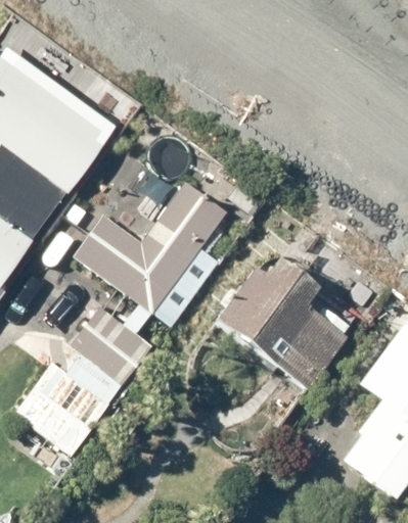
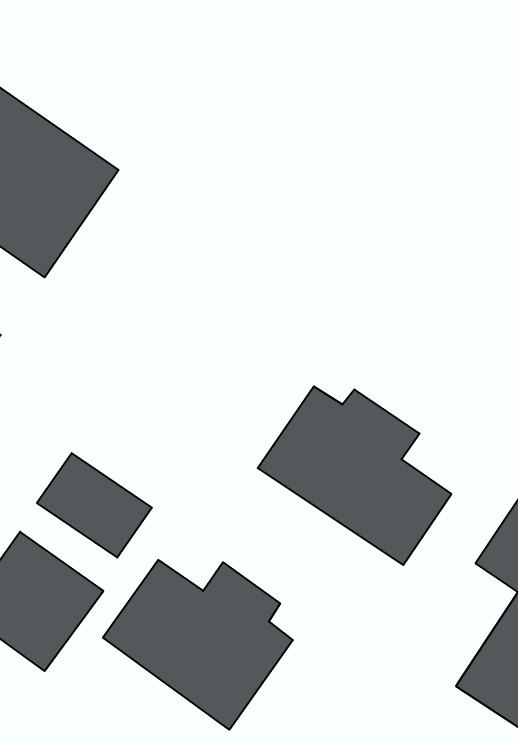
building: [62,186,225,339] -> none
building: none -> [103,560,293,730]

